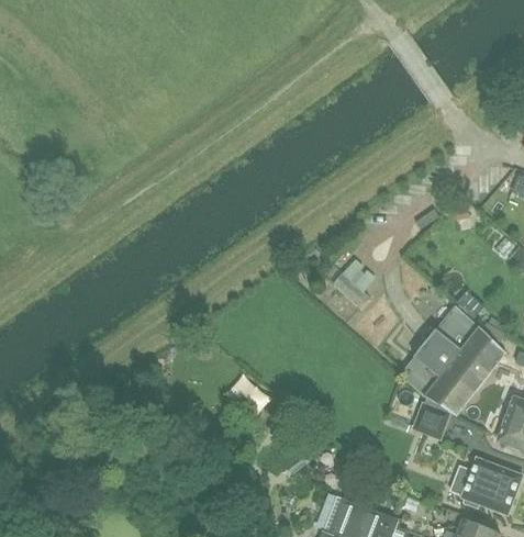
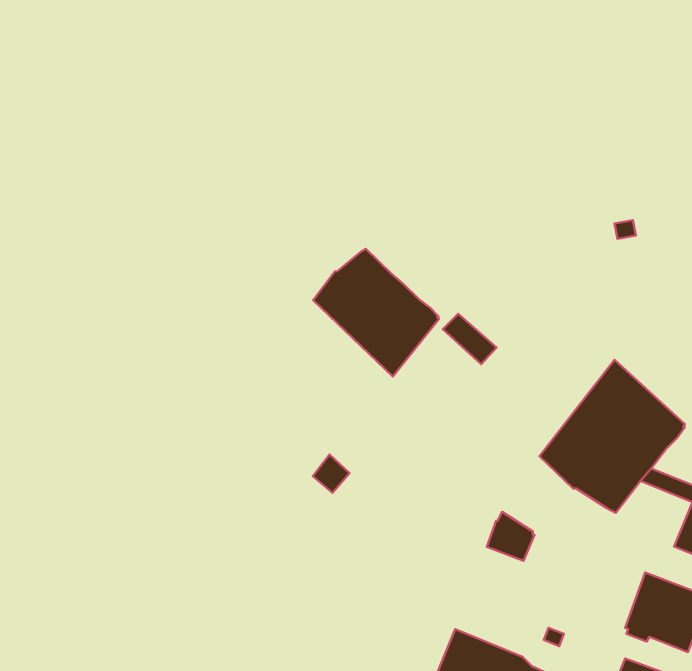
building: none -> [313,249,439,376]
building: [416,399,450,434] -> [487,512,534,561]

